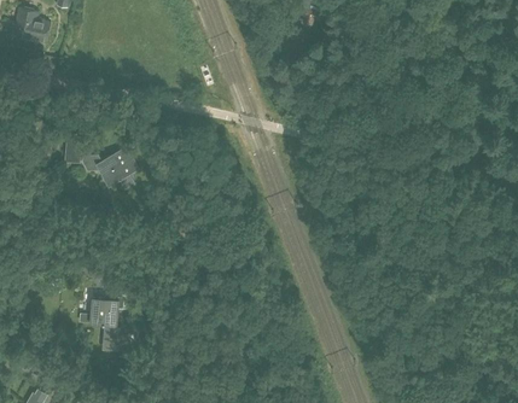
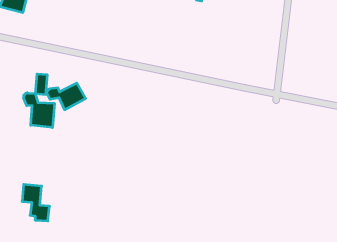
building: none -> [24,93,54,128]
building: [89,297,130,351] -> [22,184,50,221]

